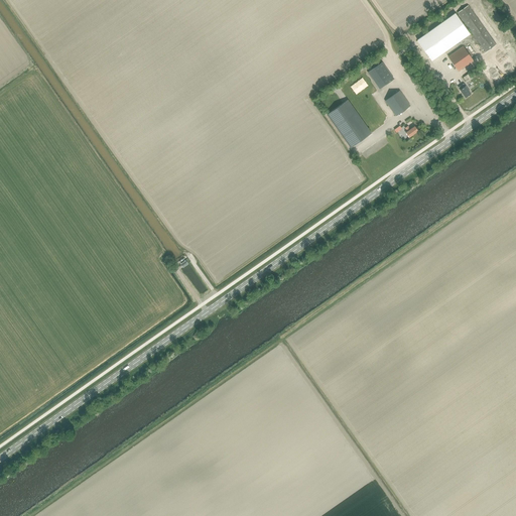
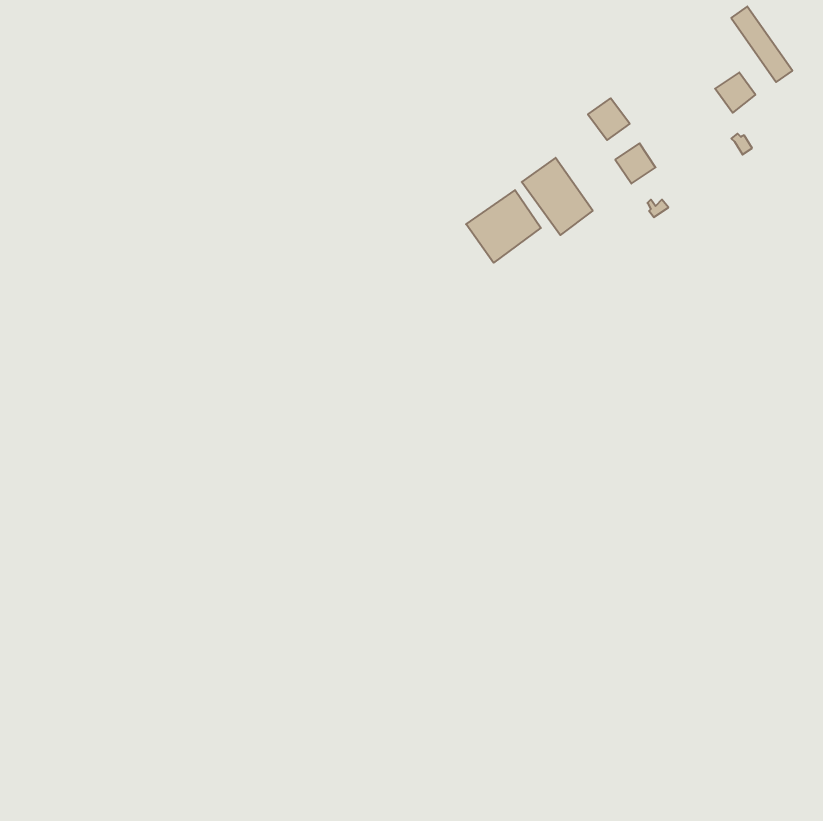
building: [417,13,471,60] -> none
building: none -> [466,190,541,263]

